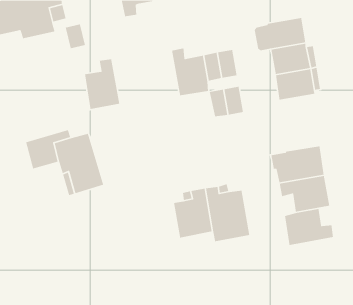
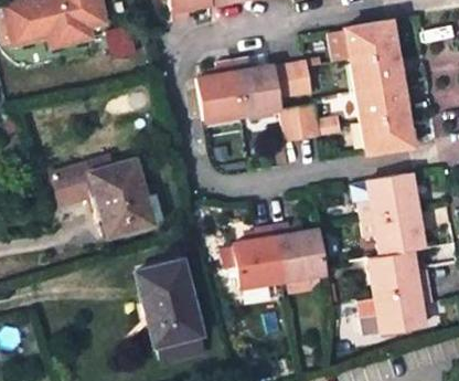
building: [84,58,120,110] -> [201,61,244,123]
building: none -> [363,114,413,151]
building: none -> [137,262,205,362]
building: none -> [359,286,433,337]

